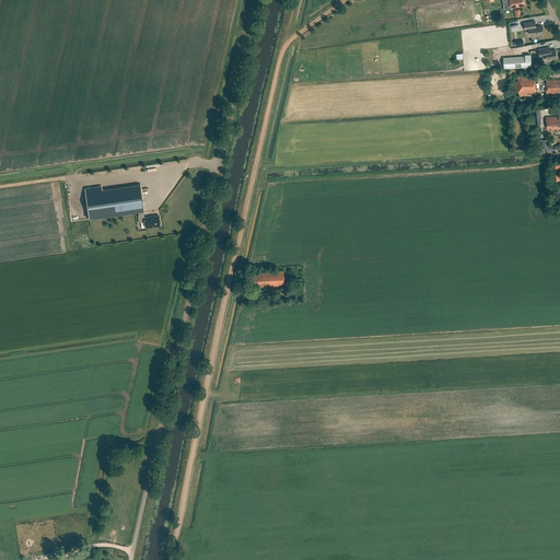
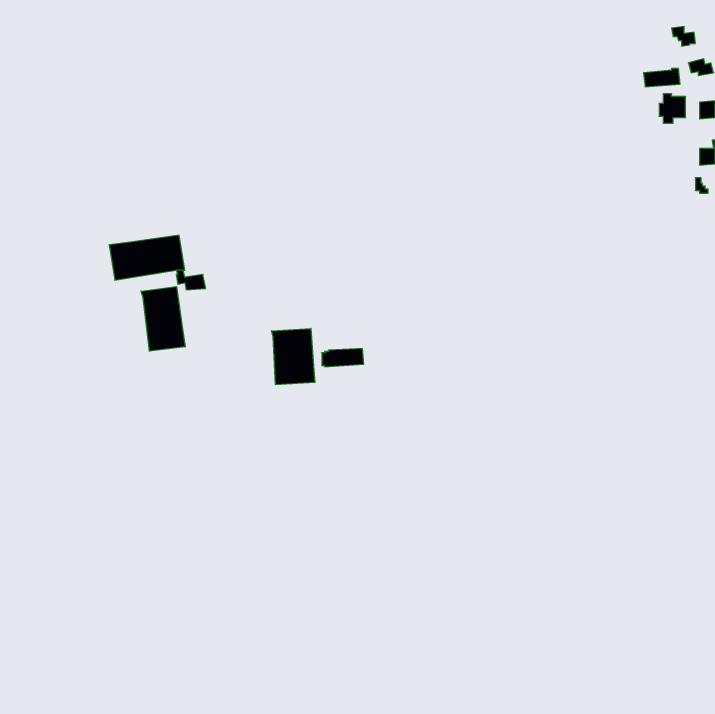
building: none -> [141,287,185,351]
building: none -> [272,328,315,385]

